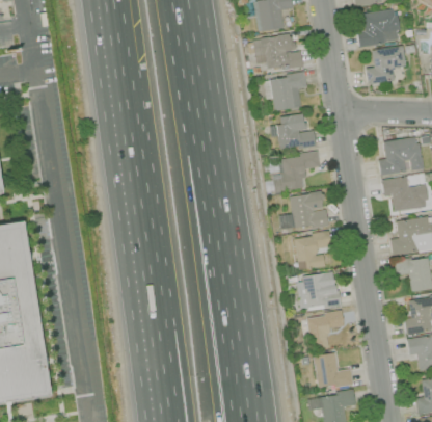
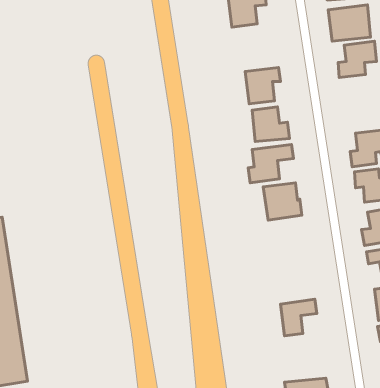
building: [254,34,303,70] -> none
building: [295,231,332,269] -> none
building: [297,272,340,309] -> none
building: [315,352,353,388] -> none

